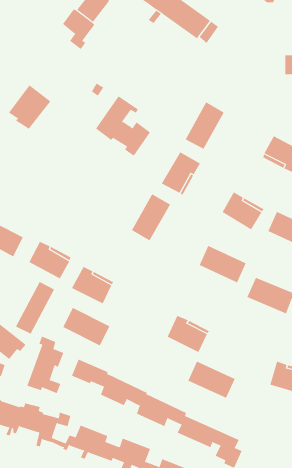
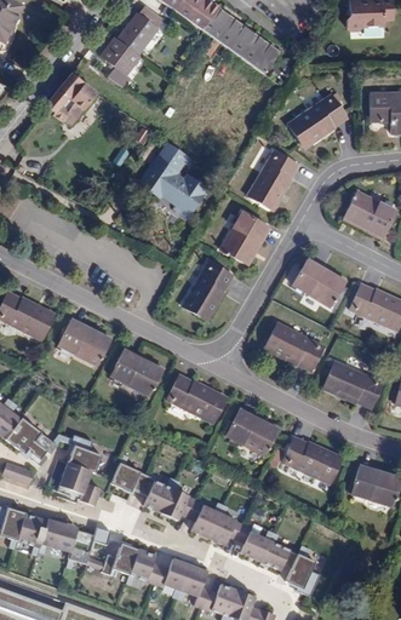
building: none -> [288,94,346,145]
building: [8,85,51,130] -> [45,73,97,127]
building: [15,281,55,335] -> none
building: [62,307,110,346] -> [167,375,225,423]
building: [188,361,235,399] -> [282,437,340,483]

